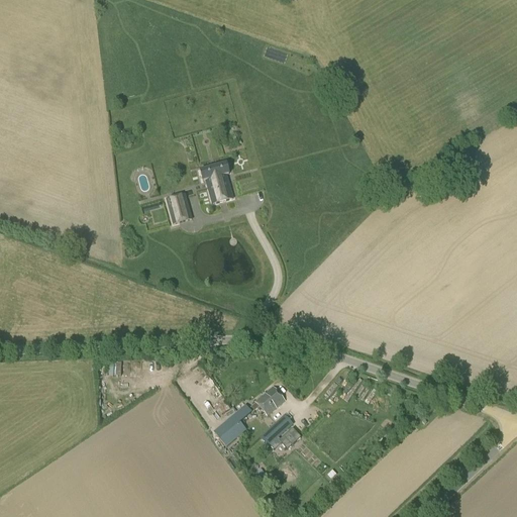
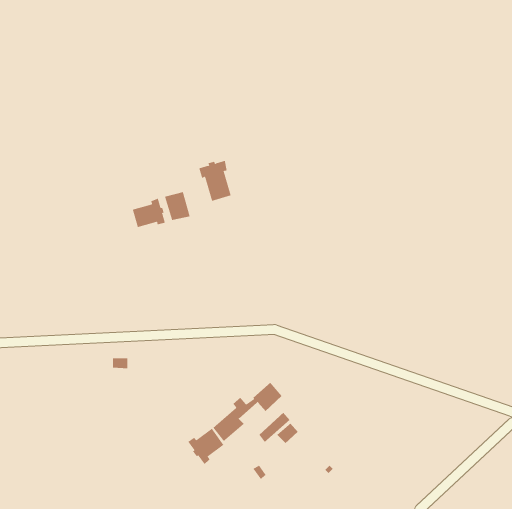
building: none -> [132,198,165,228]
building: none -> [188,428,224,465]

